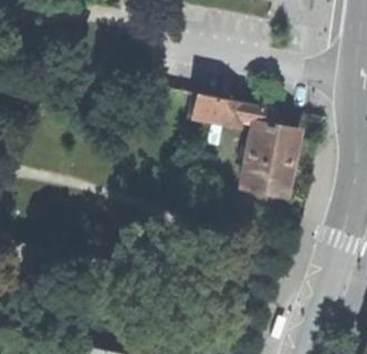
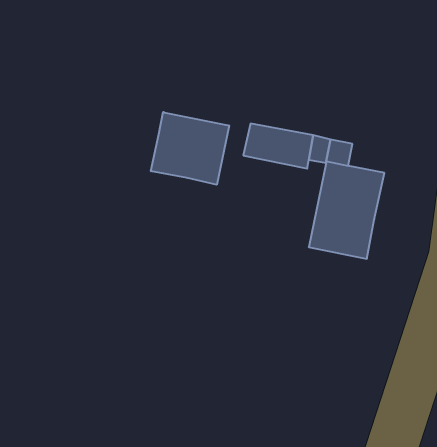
building: none -> [151,112,229,185]

